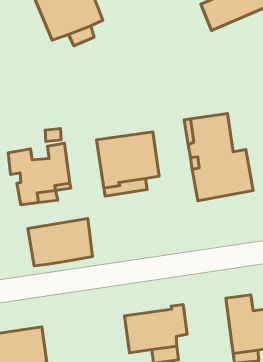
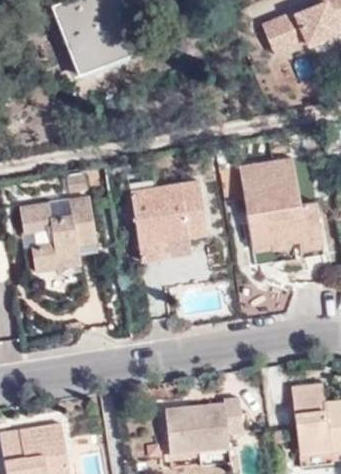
building: [28,218,93,266] -> none

